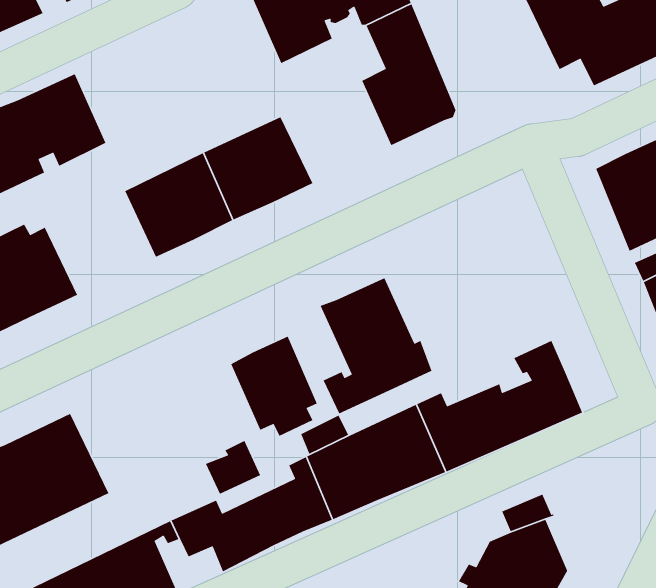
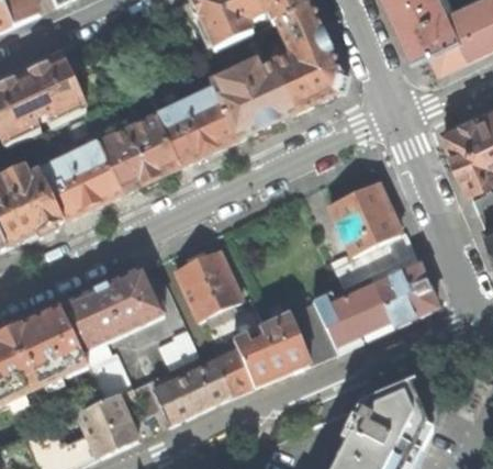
building: none -> [210,60,294,138]
building: none -> [40,144,121,221]
building: [319,277,433,414] -> [329,185,413,286]
building: none -> [58,268,163,399]

